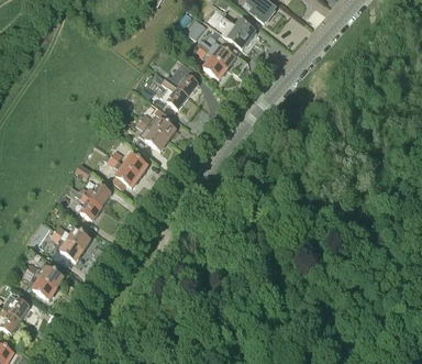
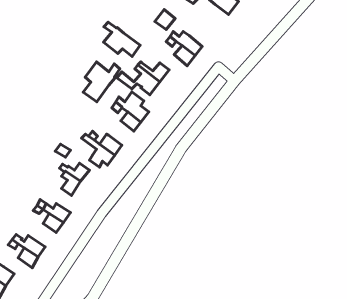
building: [222,19,259,53] -> none
building: none -> [103,22,140,56]
building: none -> [83,62,120,102]

